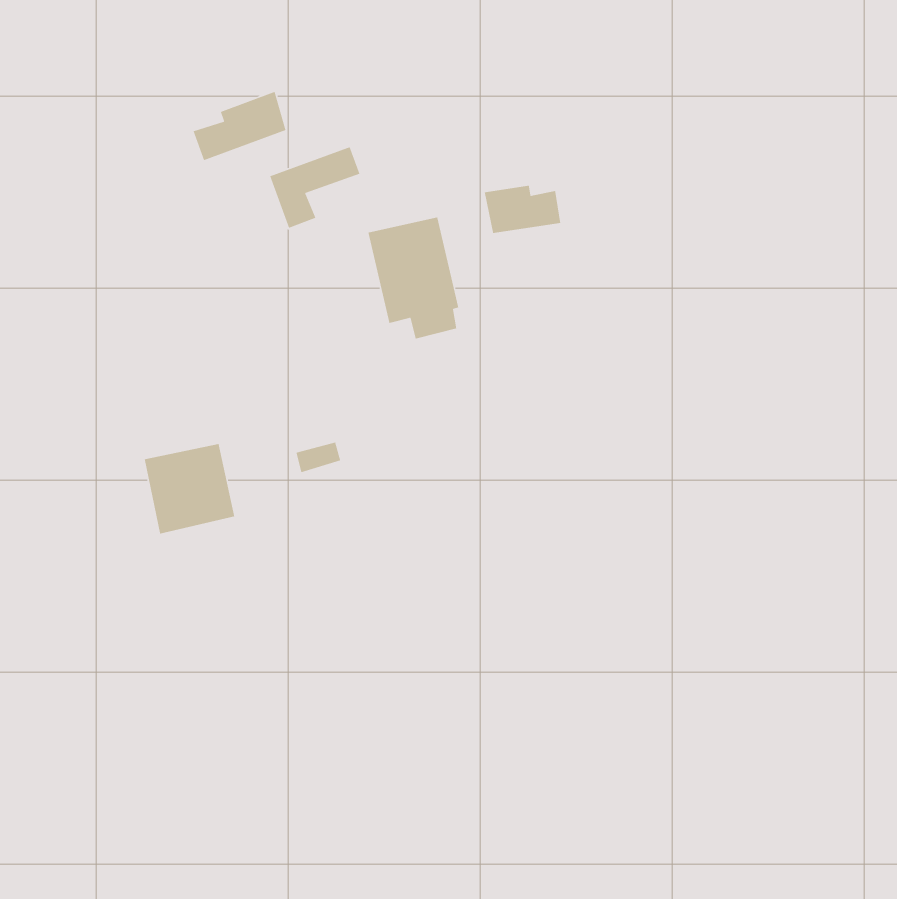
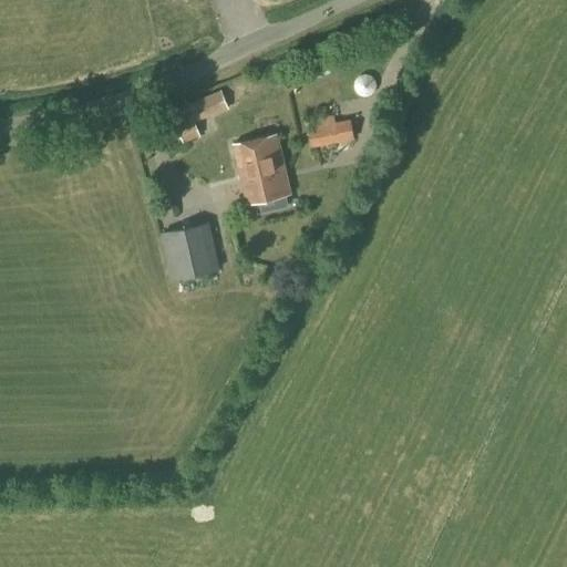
building: [192,91,287,161] -> none
building: [144,443,235,535] -> [162,223,219,280]

